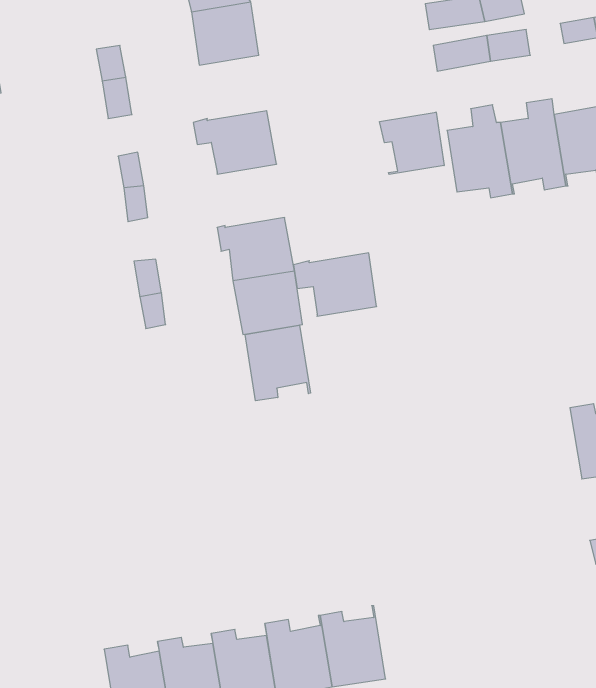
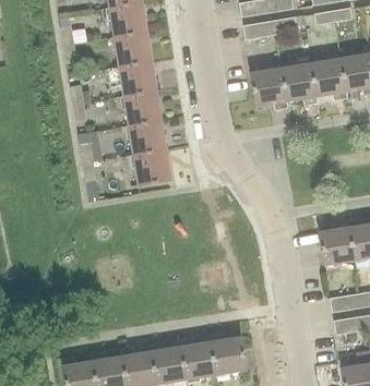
building: none -> [115,31,152,67]
building: [380,112,444,174] -> none
building: [293,253,377,316] -> [116,91,162,125]
building: [245,325,310,401] -> none
building: none -> [211,331,247,374]

